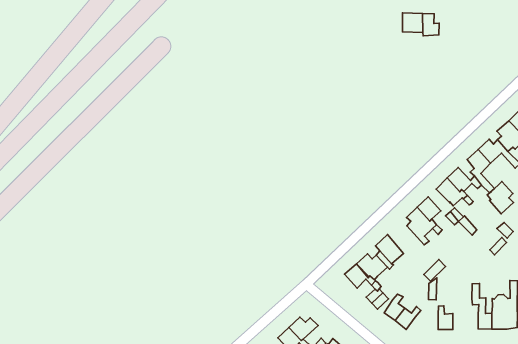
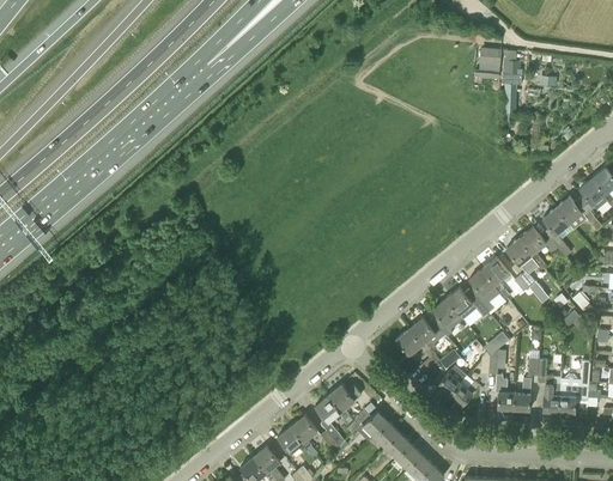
building: [487,182,513,214] -> none
building: none -> [447,288,487,321]
building: none -> [514,359,539,412]

